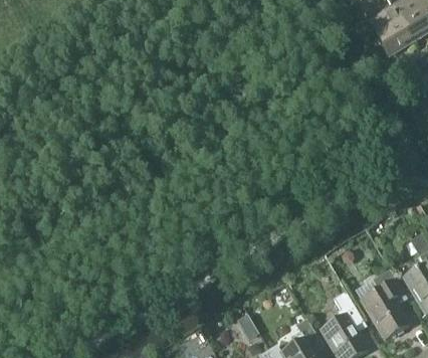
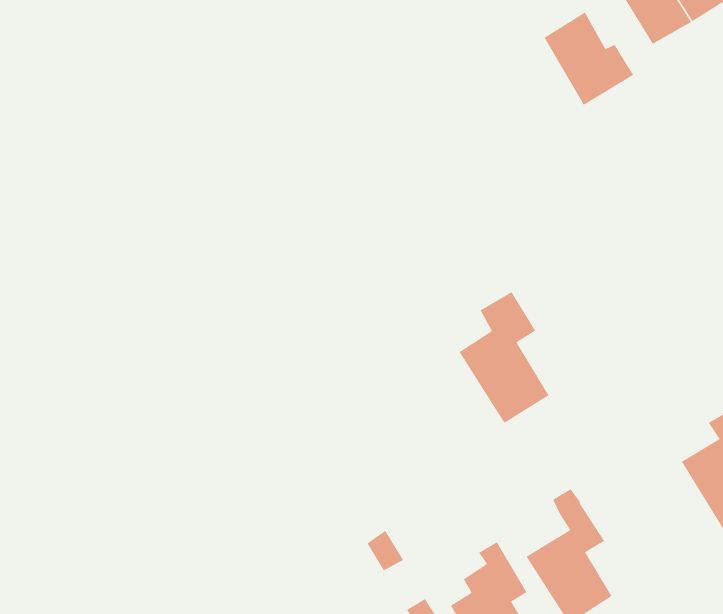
building: none -> [544,12,634,106]
building: [362,267,410,338] -> [459,291,550,424]

